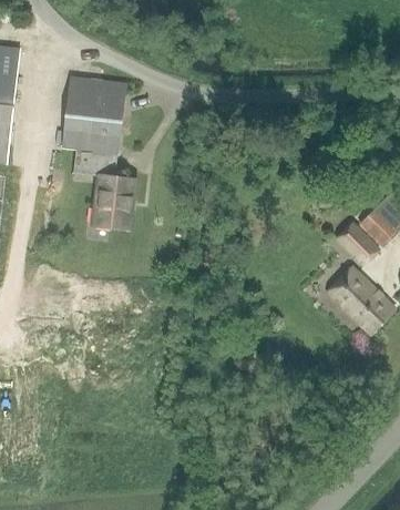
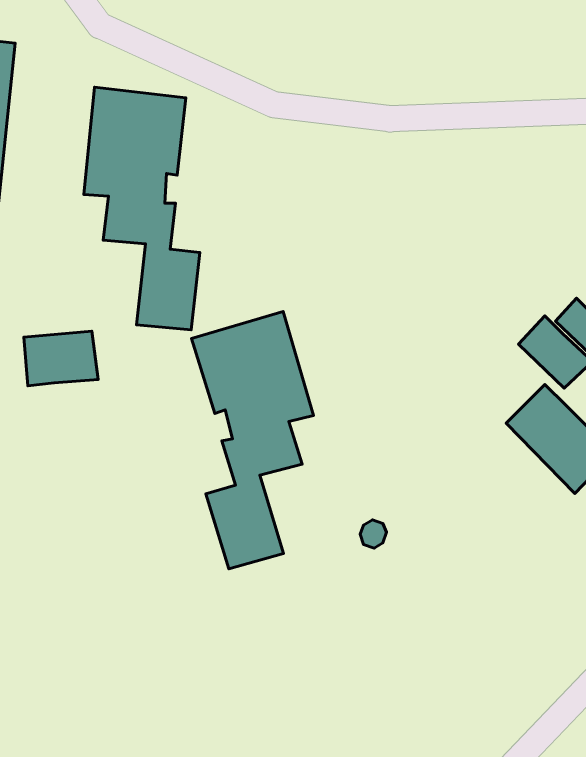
building: none -> [192,311,314,569]
building: none -> [24,331,98,386]

